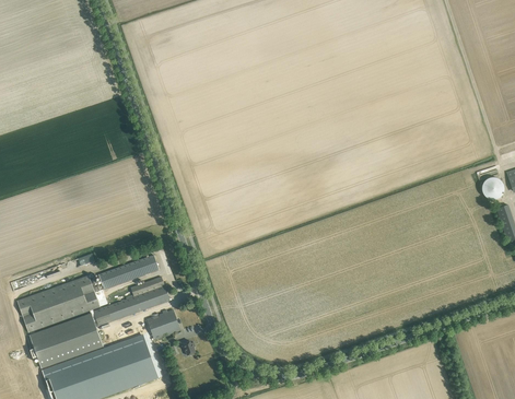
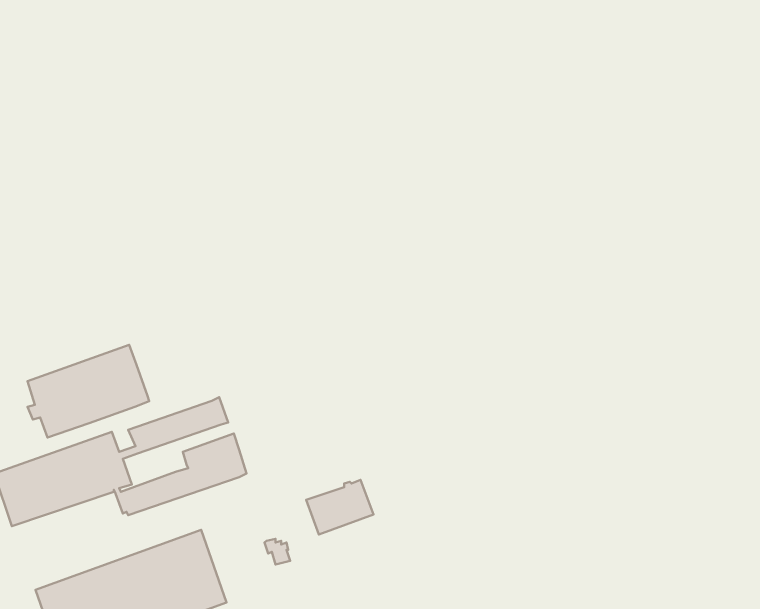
building: [140,308,180,341] -> [306,480,373,535]
building: [30,312,103,367] -> [27,345,149,438]

